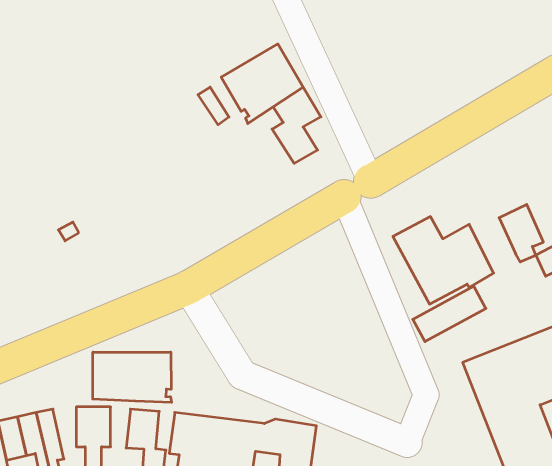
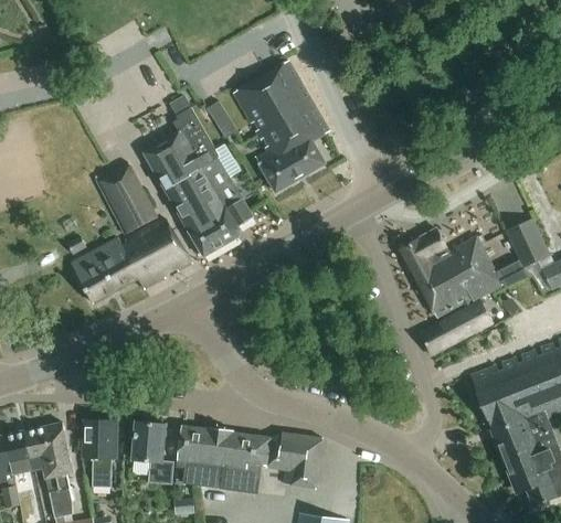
building: none -> [144,108,253,258]
building: none -> [254,121,303,194]
building: none -> [73,162,193,303]
building: [93,352,172,402] -> none

